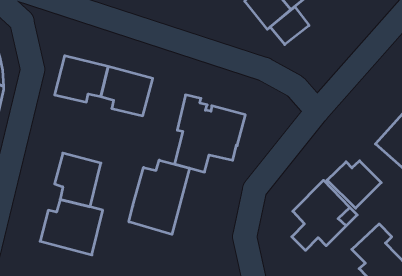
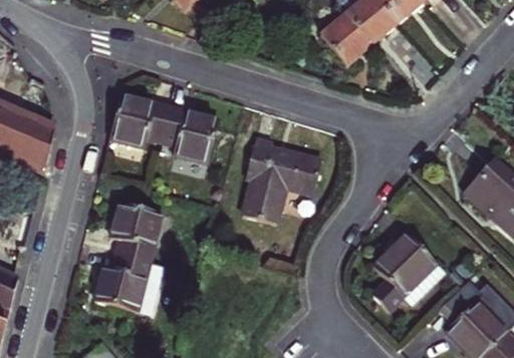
building: [270,7,309,45] -> none
building: [129,160,189,234] -> none
building: [327,161,381,208] -> none

